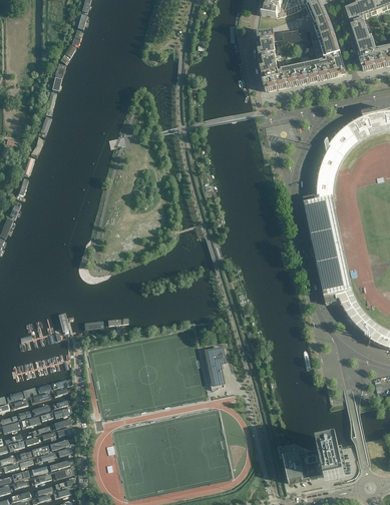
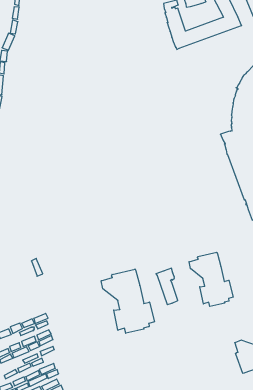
building: none -> [189,252,233,306]
building: none -> [101,269,154,333]

